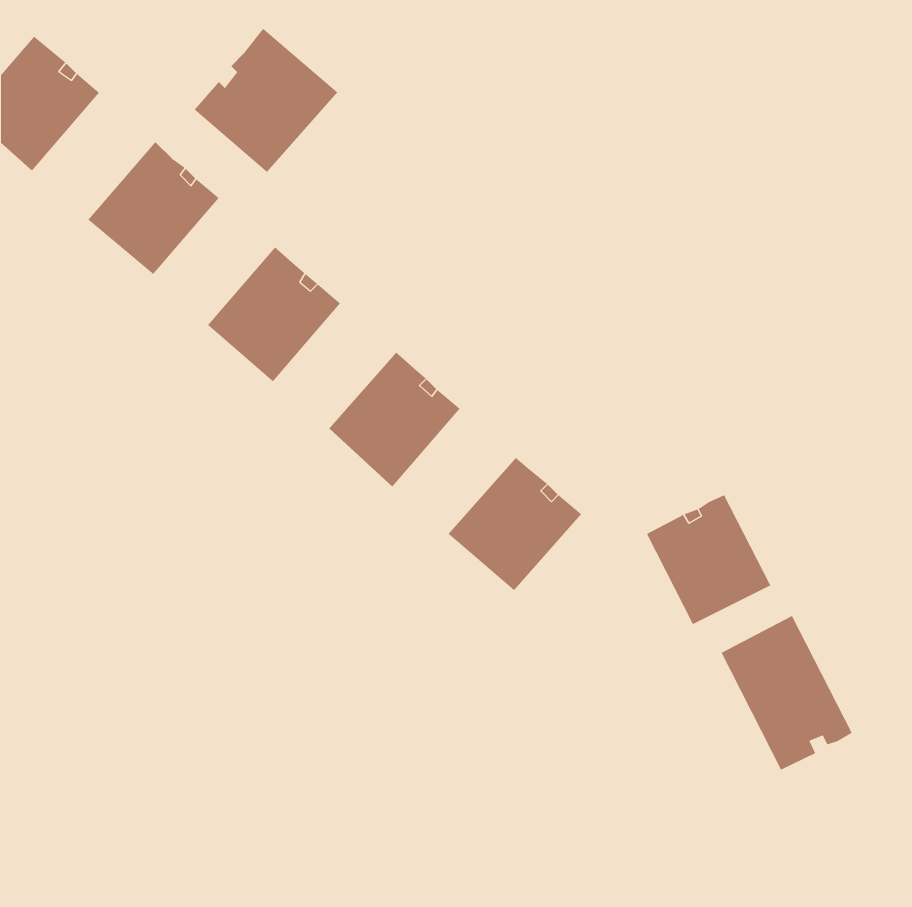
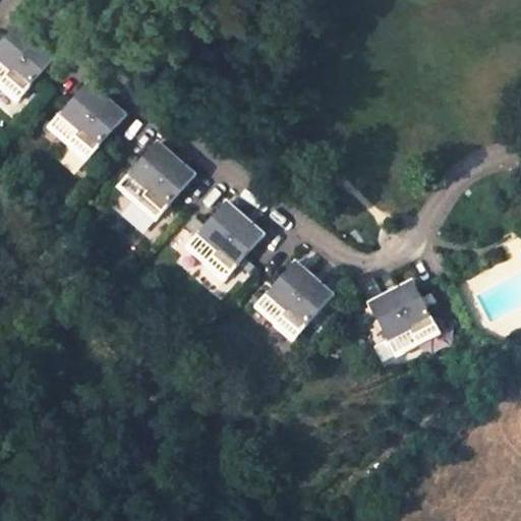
building: [194,28,338,173] -> none
building: [721,615,852,771] -> none

